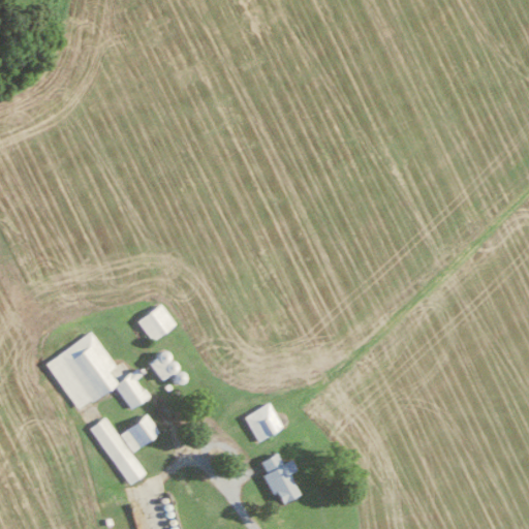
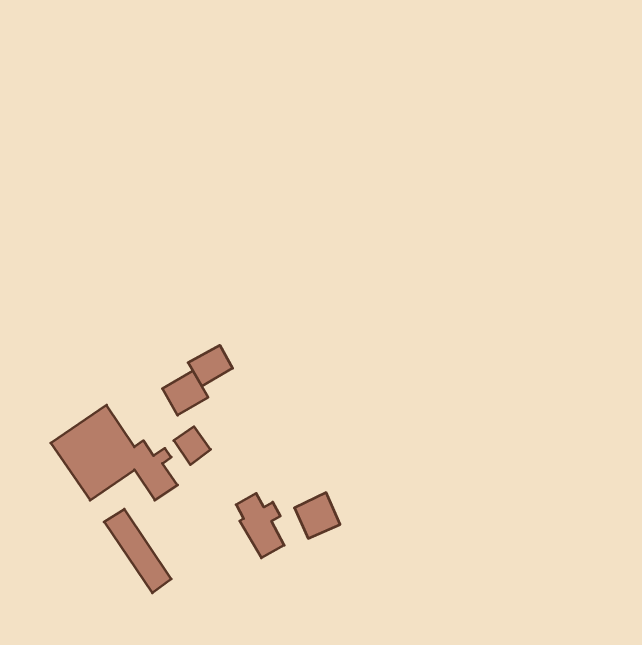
building: none -> [188,345,233,386]
building: [119,415,159,452] -> none
building: [259,453,299,505] -> [236,493,284,558]

